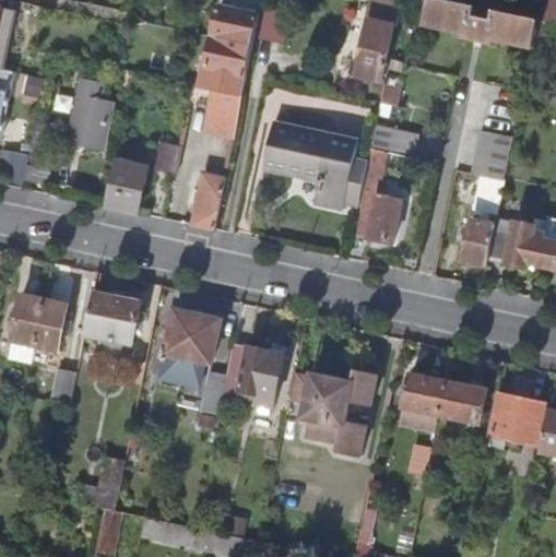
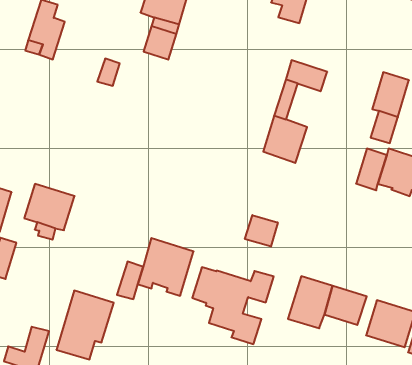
building: [262,121,357,205] -> none
building: [105,161,145,212] -> none
building: [190,171,224,228] -> none
building: none -> [245,215,278,247]
building: [157,309,218,387] -> [56,291,114,359]

